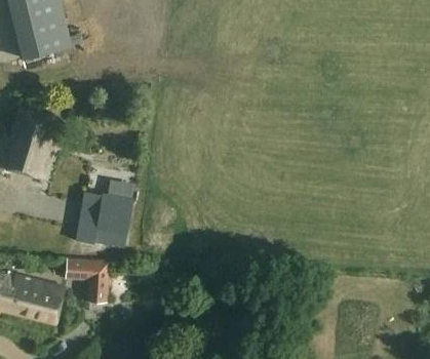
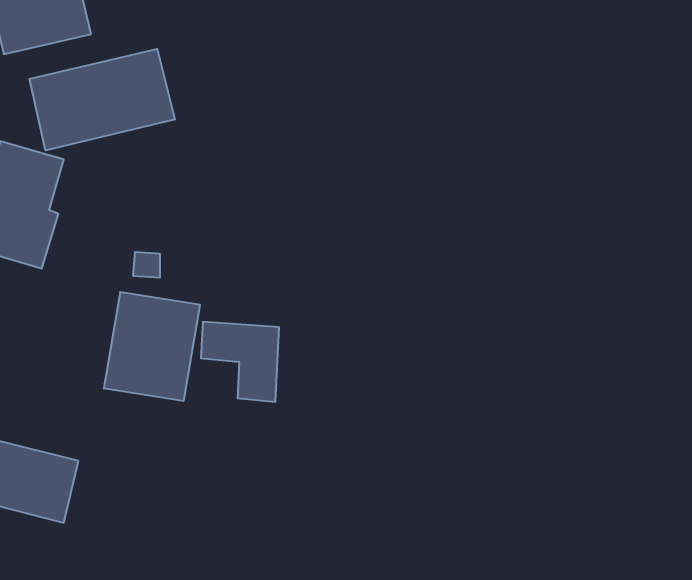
building: none -> [30,49,175,150]
building: [65,257,109,303] -> [201,322,279,402]

